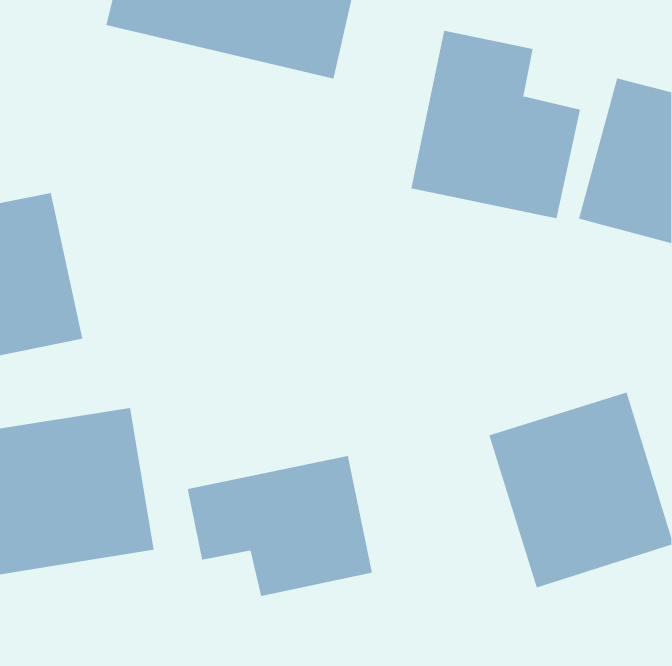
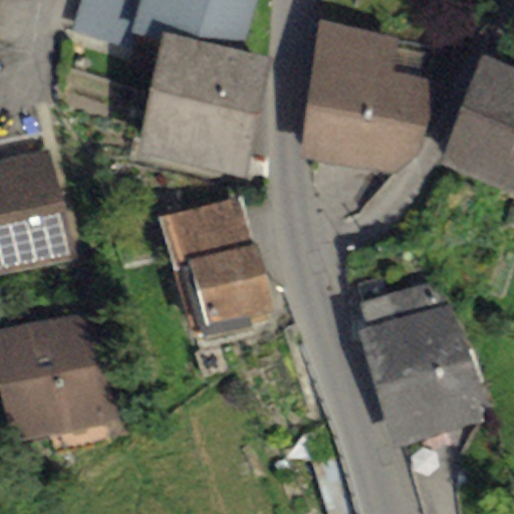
building: none -> [106,40,260,179]
building: none -> [139,204,256,330]
building: [187,455,372,597] -> none

